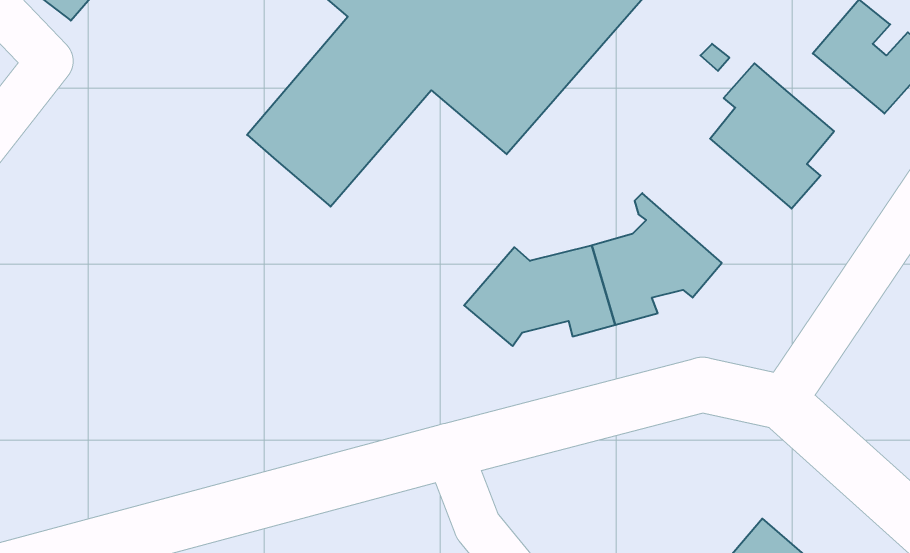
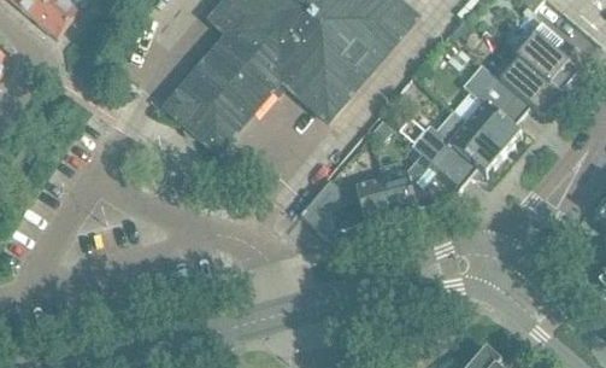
building: none -> [498,56,560,115]
building: none -> [410,109,502,186]

